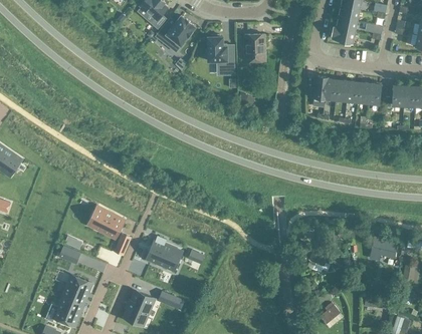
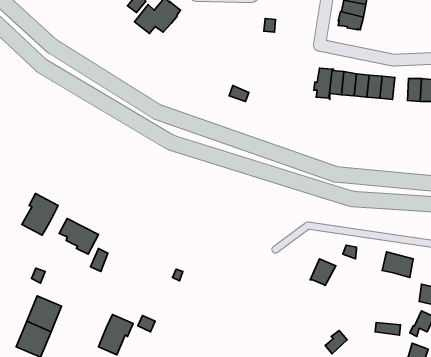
building: [207,34,235,75] -> none
building: [244,34,265,61] -> none
building: none -> [22,193,58,235]
building: [147,236,182,268] -> none

